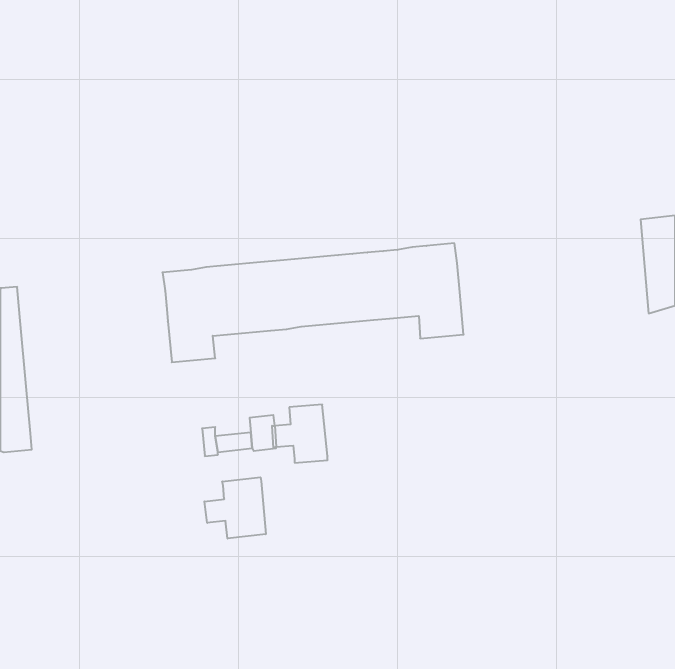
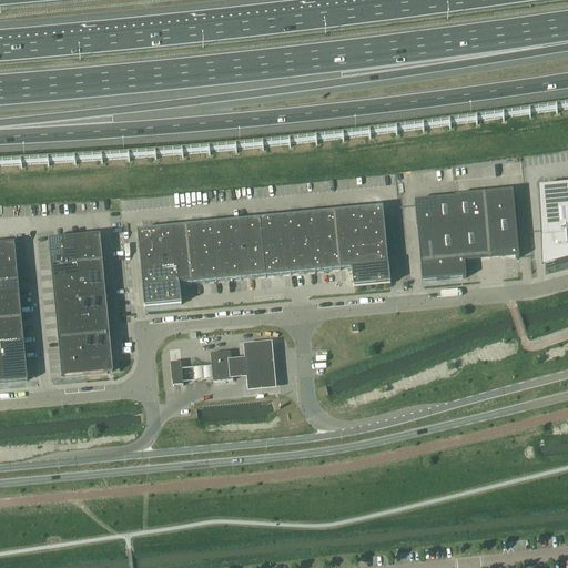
building: none -> [414,187,518,277]
building: none -> [48,233,112,374]
building: [204,477,266,539] -> none

